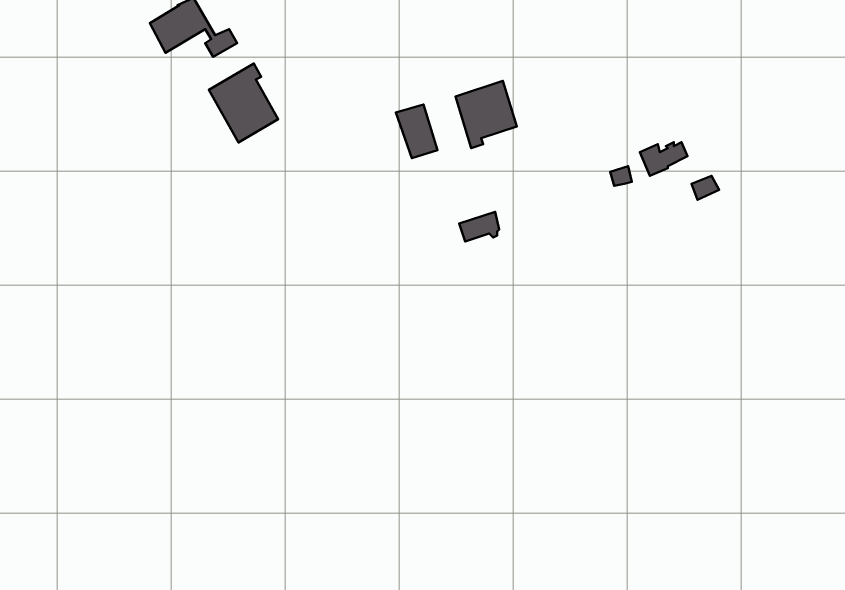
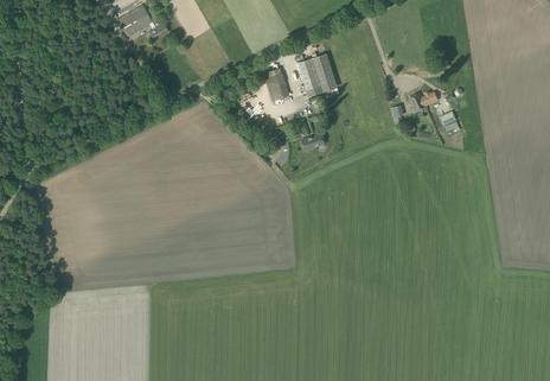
building: [209,64,278,143] -> none

